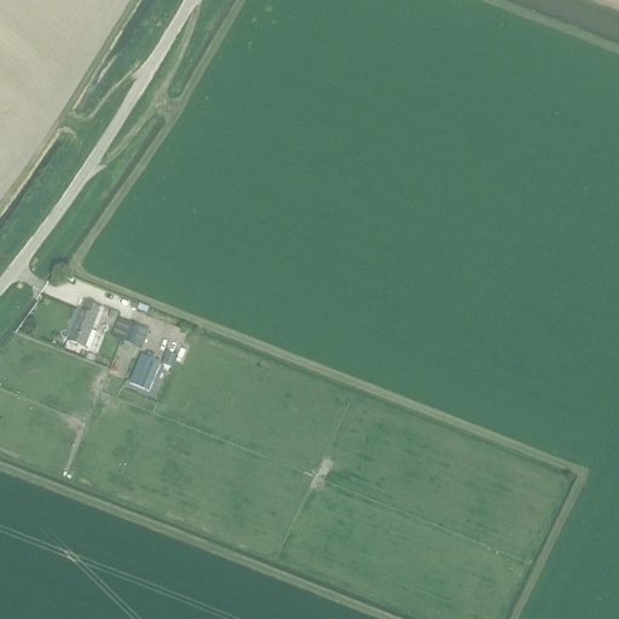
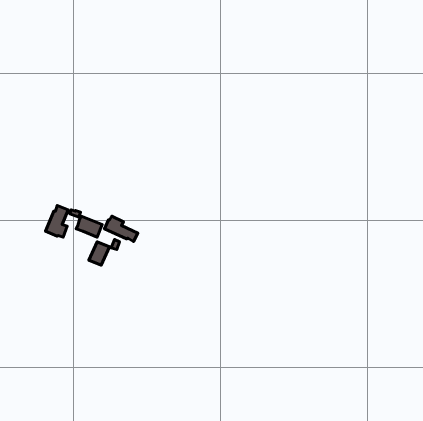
building: none -> [104,216,138,241]

